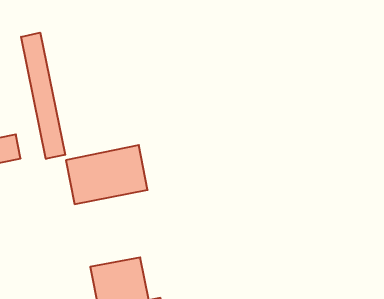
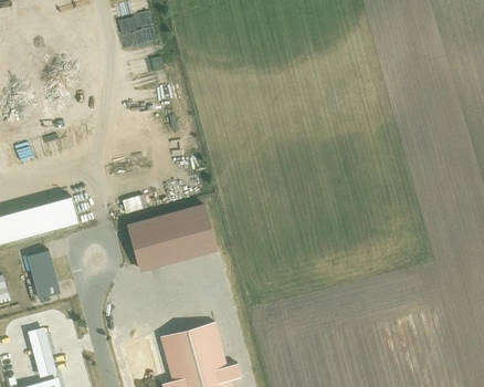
building: [21,33,65,159] -> none

